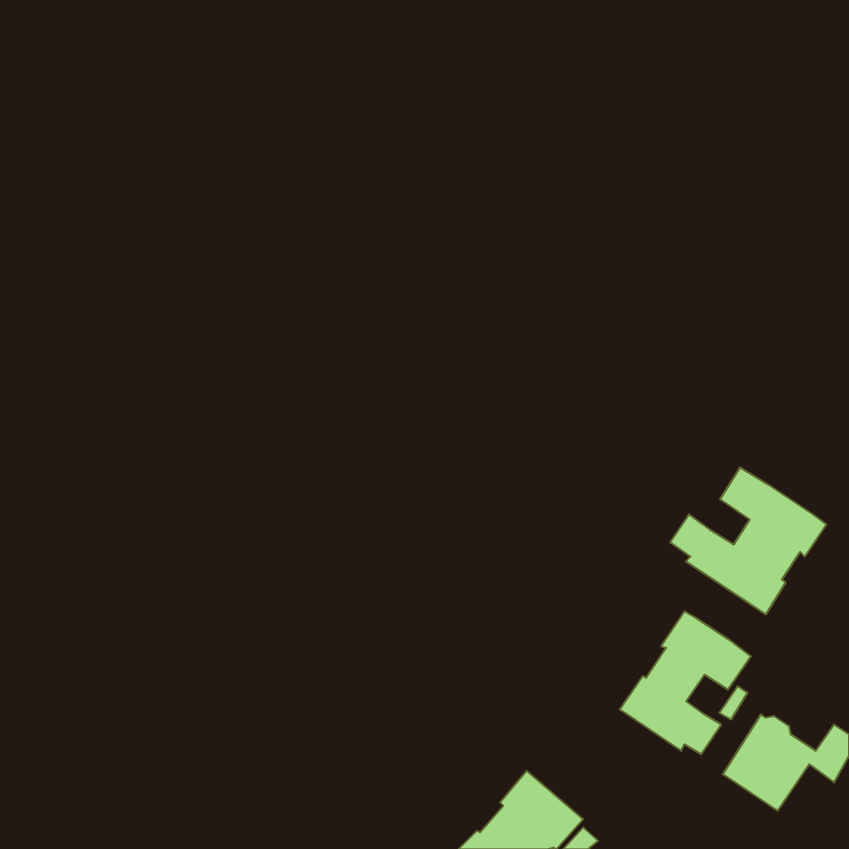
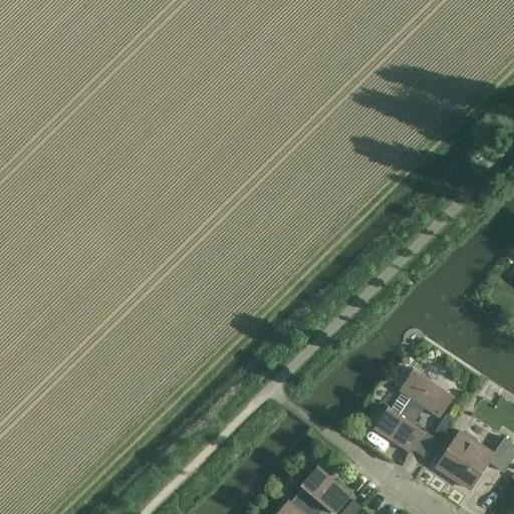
building: [670,467,826,614] -> none

